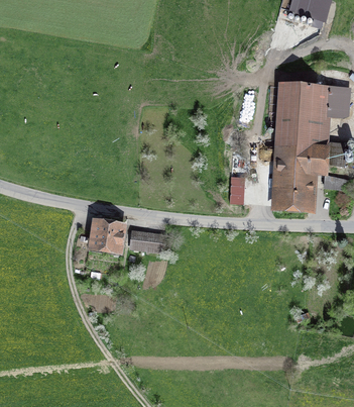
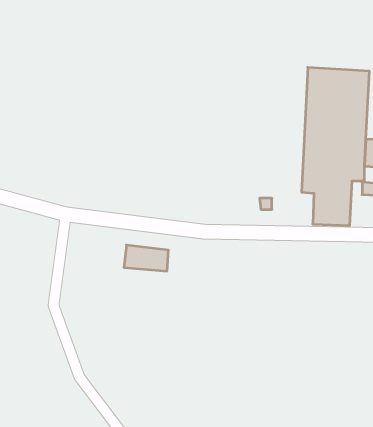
building: [86,218,124,253] -> none

